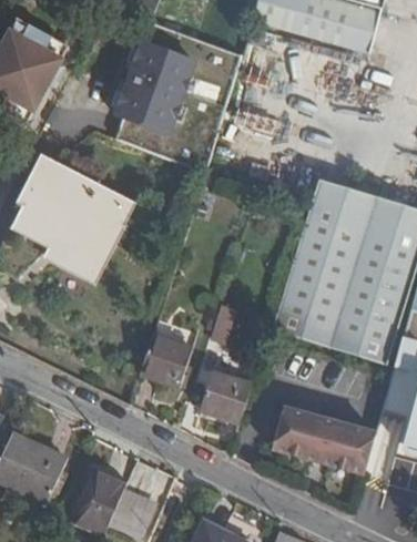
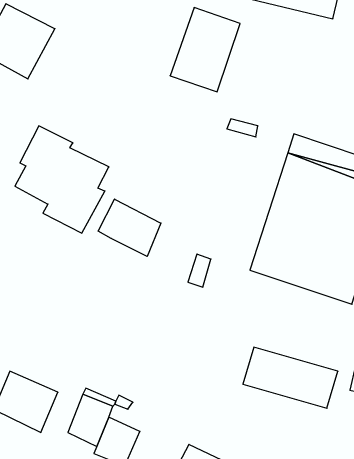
building: [120,39,197,132] -> [170,8,240,92]
building: none -> [98,199,161,256]
building: [139,336,191,387] -> none
building: [203,370,254,420] -> none

